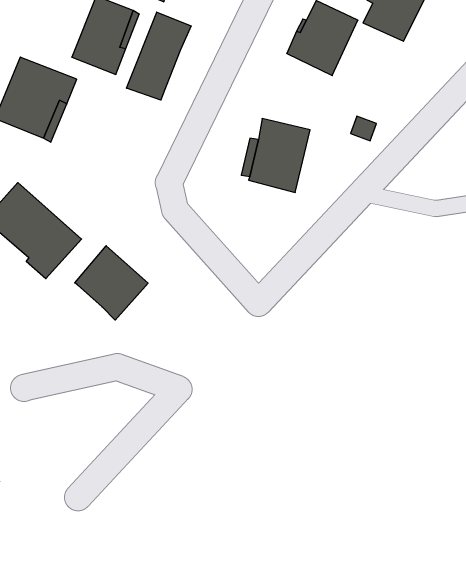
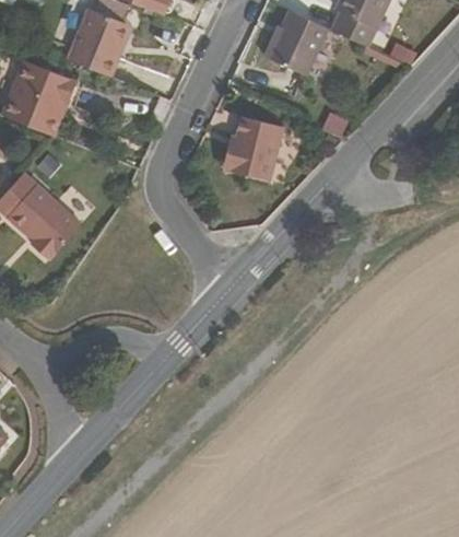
building: [127,12,191,100] -> none
building: [75,246,148,320] -> none

